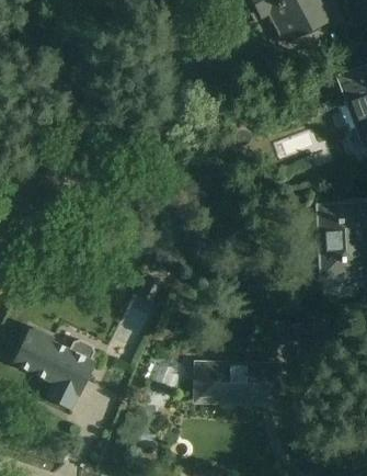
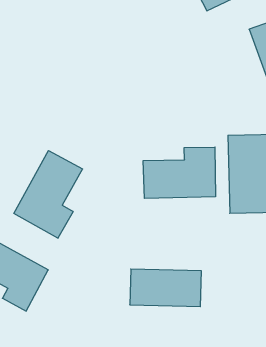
building: none -> [143,147,215,198]
building: none -> [14,151,83,238]

